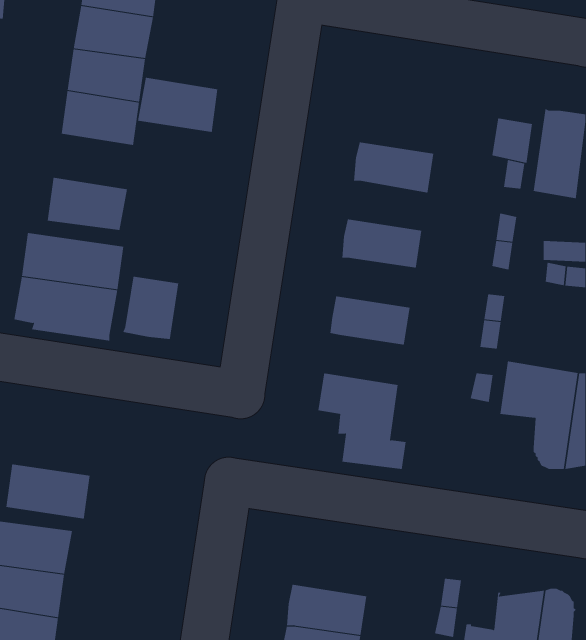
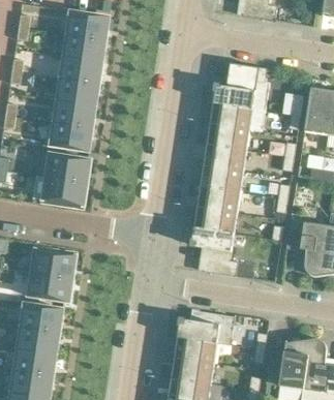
building: none -> [213,63,269,111]
building: [137,77,218,133] -> [53,100,95,129]
building: none -> [207,125,249,151]
building: none -> [201,165,243,191]
building: [122,276,179,340] -> none
building: none -> [194,205,237,232]
building: none -> [31,246,77,279]
building: none -> [178,310,234,345]

